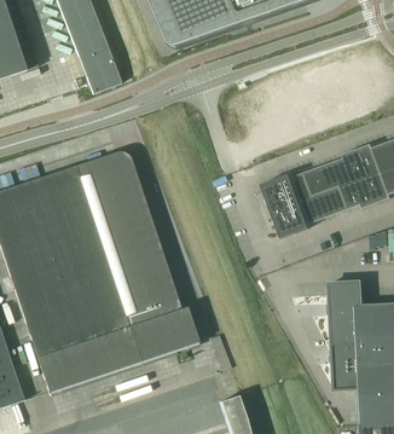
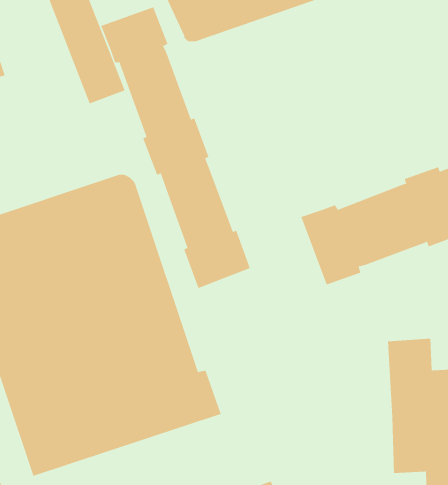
building: none -> [100,6,250,289]

